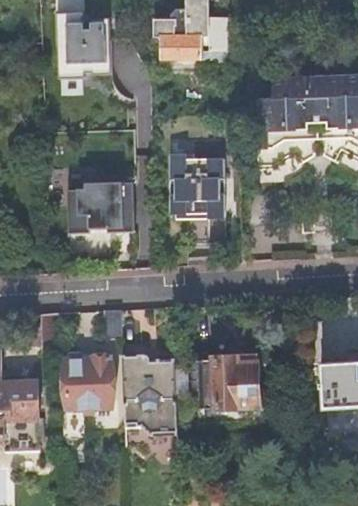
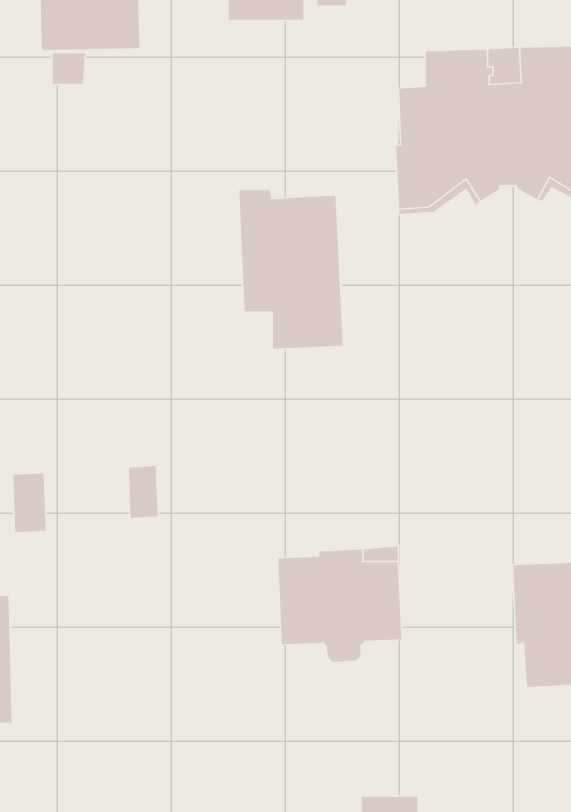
building: [68,180,133,231] -> none
building: [59,352,112,442] -> none
building: [123,352,178,432] -> none

